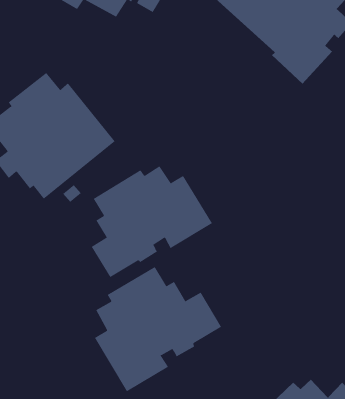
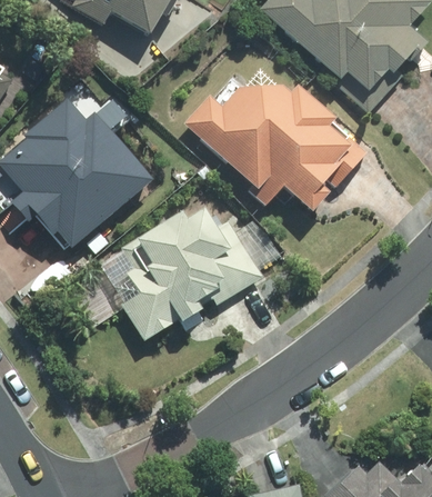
building: none -> [185,83,371,212]
building: [94,266,222,392] -> none

